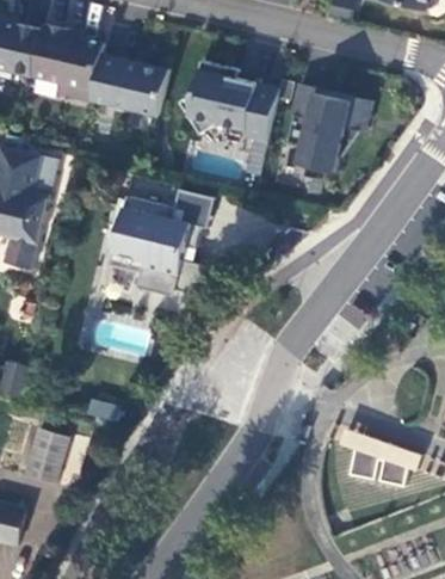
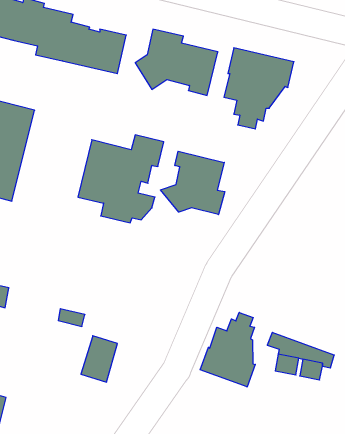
building: none -> [160,151,225,215]
building: none -> [200,312,255,387]
building: [24,426,68,482] -> [81,336,117,382]

